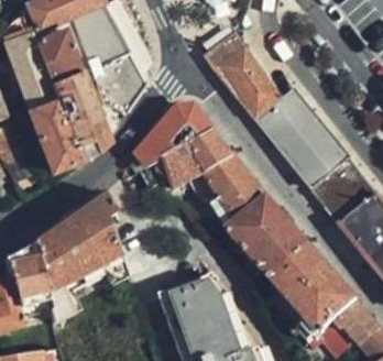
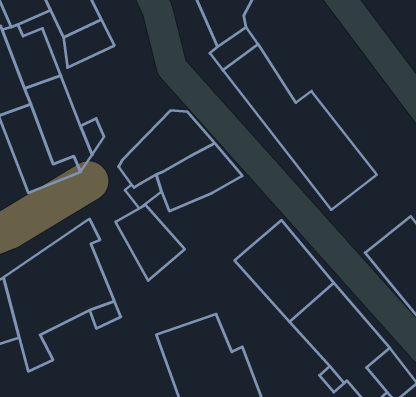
building: [85,46,142,112] -> none
building: [307,155,374,221] -> none
building: [207,156,265,220] -> [116,205,185,281]

